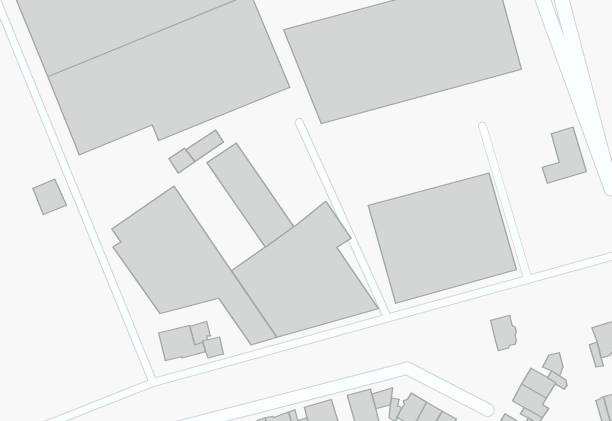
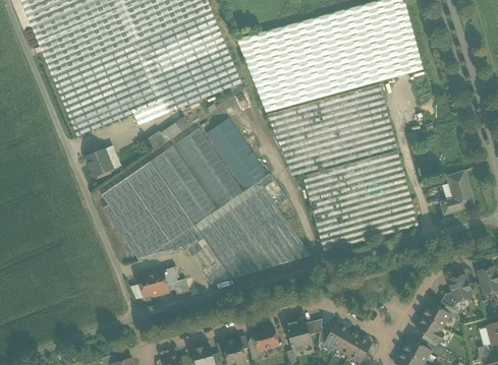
building: none -> [267,84,396,176]
building: none -> [202,110,269,191]
building: [542,127,586,183] -> [440,171,475,215]
building: none -> [151,144,219,227]
building: [33,179,67,214] -> [87,149,113,177]
building: [490,315,516,351] -> [449,275,469,302]

